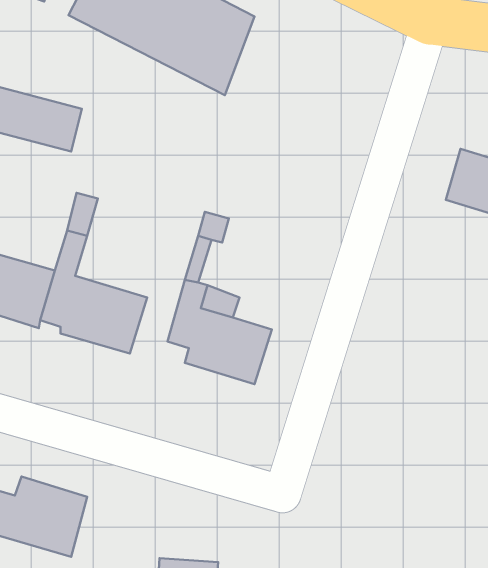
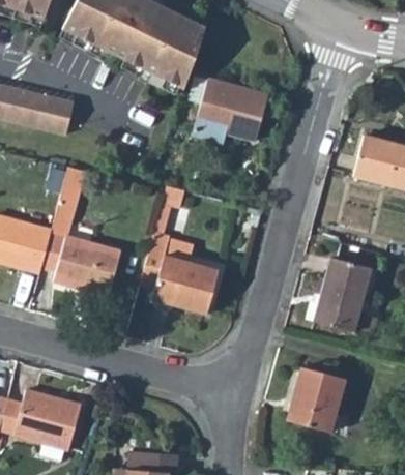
building: none -> [191,76,267,140]
building: none -> [313,255,371,330]
building: none -> [287,365,343,431]

